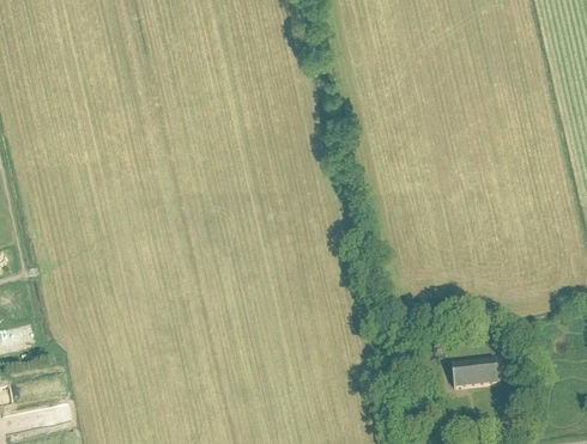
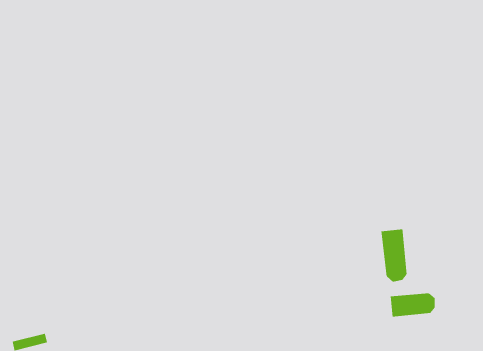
building: none -> [381,229,407,283]

